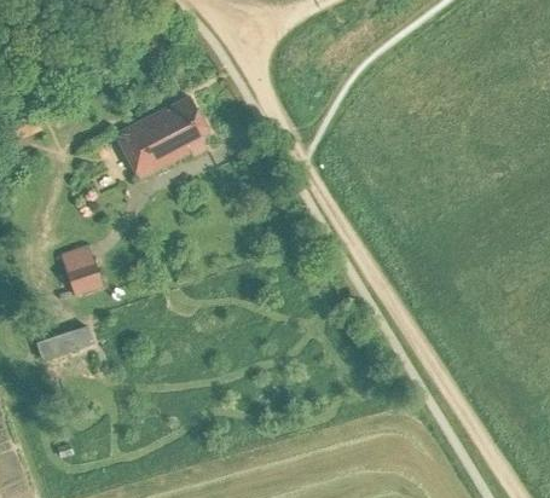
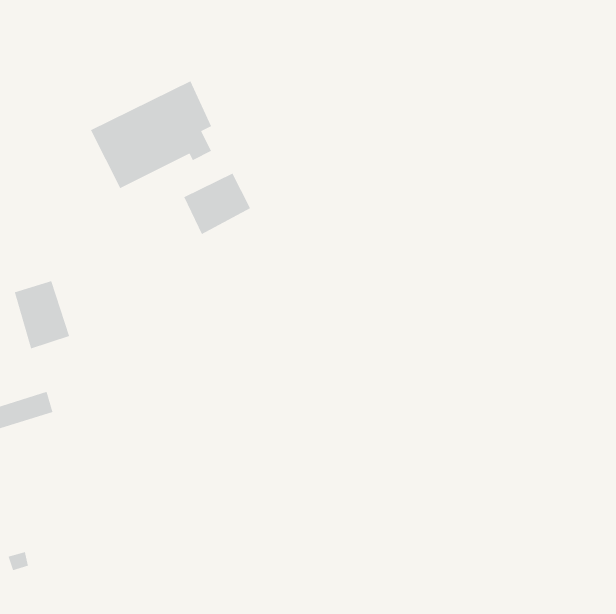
building: none -> [183,172,251,235]

